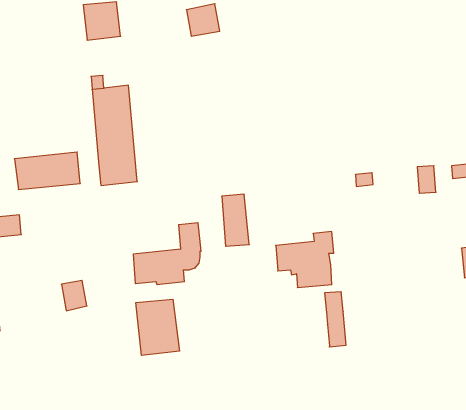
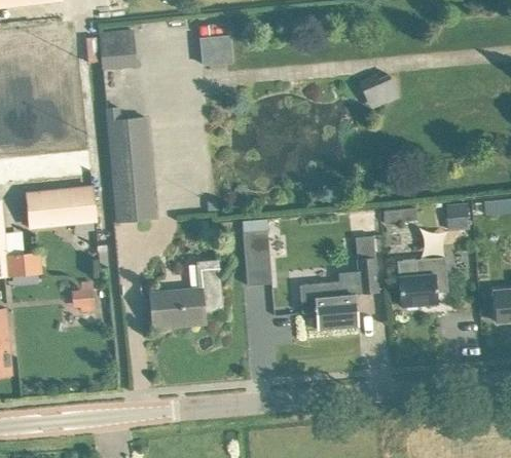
building: none -> [367,72,405,107]
building: none -> [396,257,447,305]
building: [61,280,87,311] -> [73,280,100,312]
building: [325,292,346,347] -> [355,236,377,294]
building: [136,299,179,355] -> none

